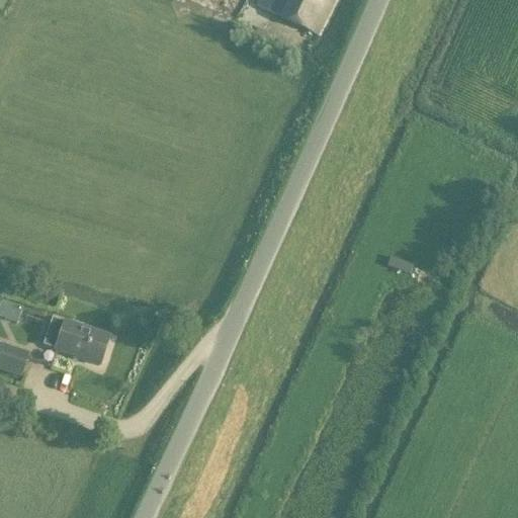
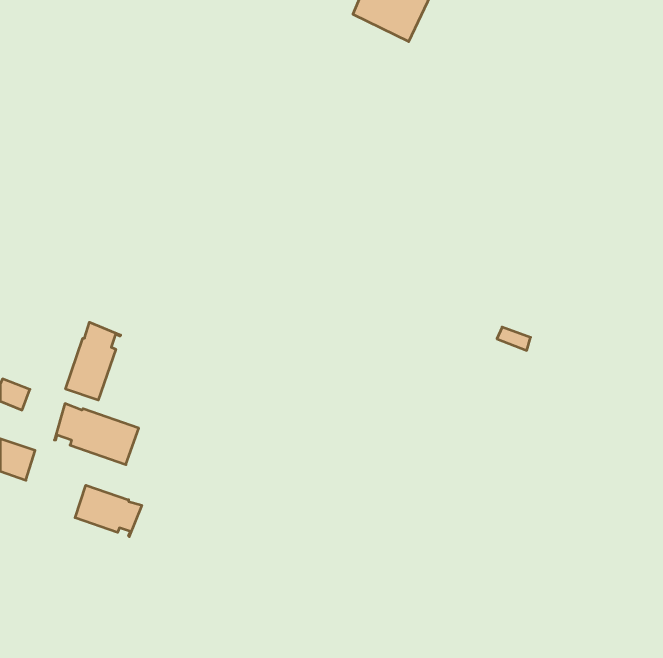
building: none -> [66,322,121,400]
building: none -> [75,485,142,537]

